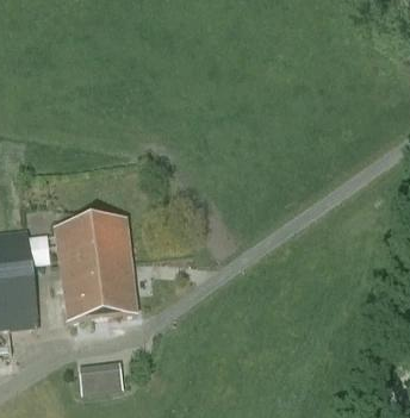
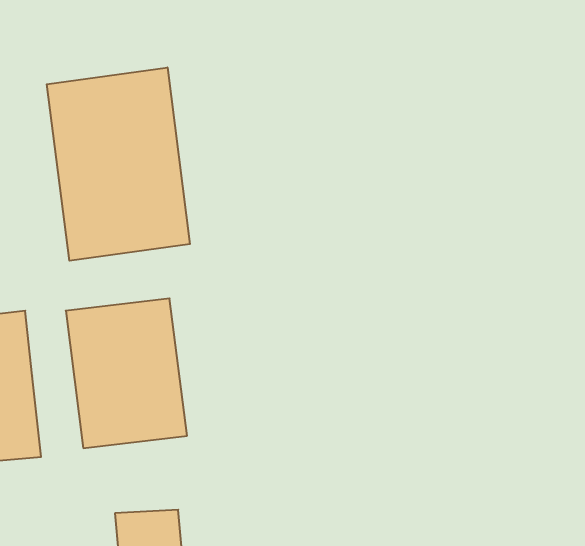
building: none -> [47,67,190,261]

